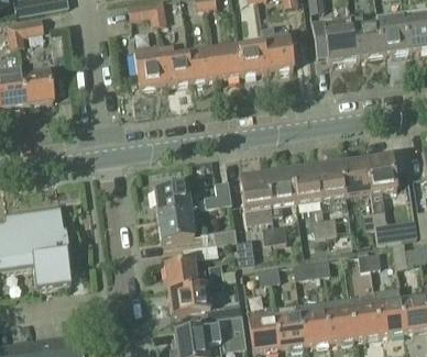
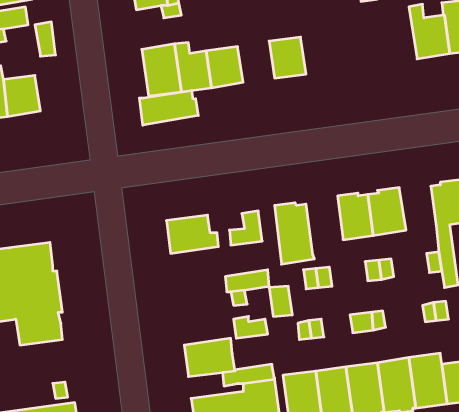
building: [311,16,354,62] -> none
building: [260,25,292,70] -> none
building: [210,44,240,77] -> none
building: none -> [139,90,198,125]
building: [340,159,370,196] -> none
building: [265,168,295,215] -> none
building: [156,209,197,241] -> none
building: [163,258,205,288] -> none

